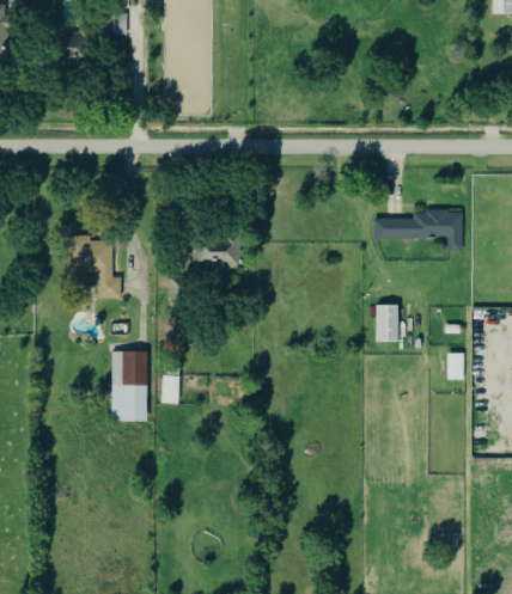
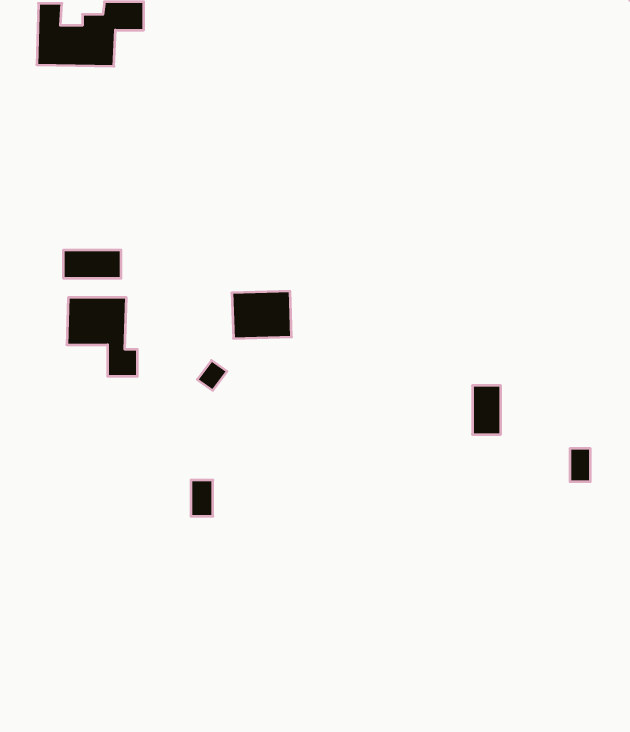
building: none -> [64,250,121,278]
building: [374,210,462,252] -> none
building: [111,353,147,422] -> none

